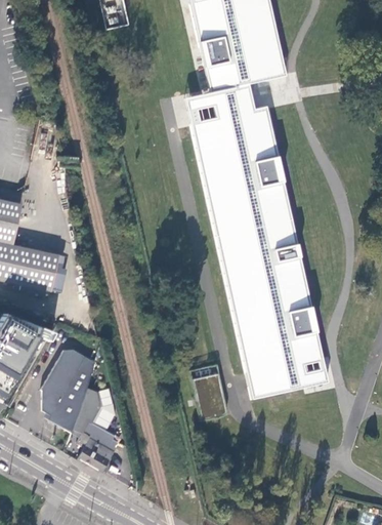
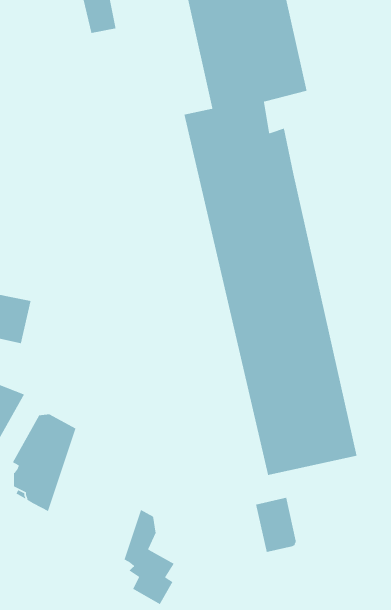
building: [192,371,226,418] -> [255,497,297,553]
building: [71,389,114,470] -> [124,509,175,605]

